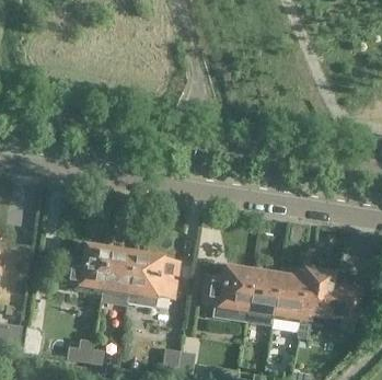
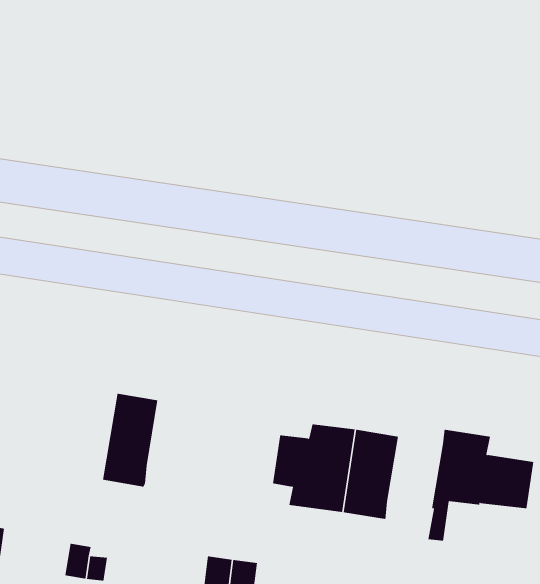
building: [63,243,108,286] -> none
building: [126,251,180,304] -> none
building: [273,273,305,316] -> none

